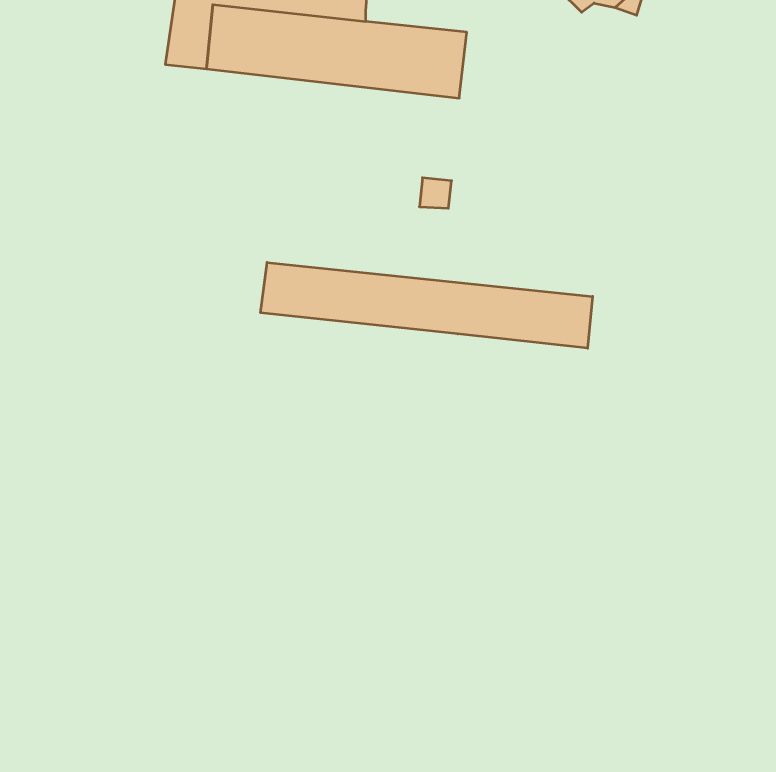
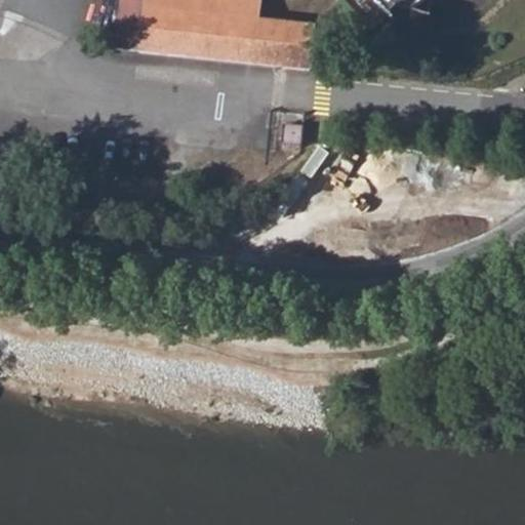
building: [261,262,593,348] -> none

